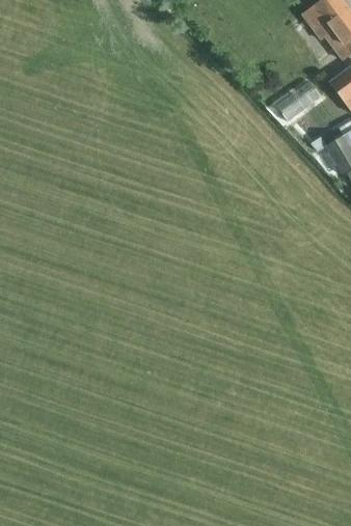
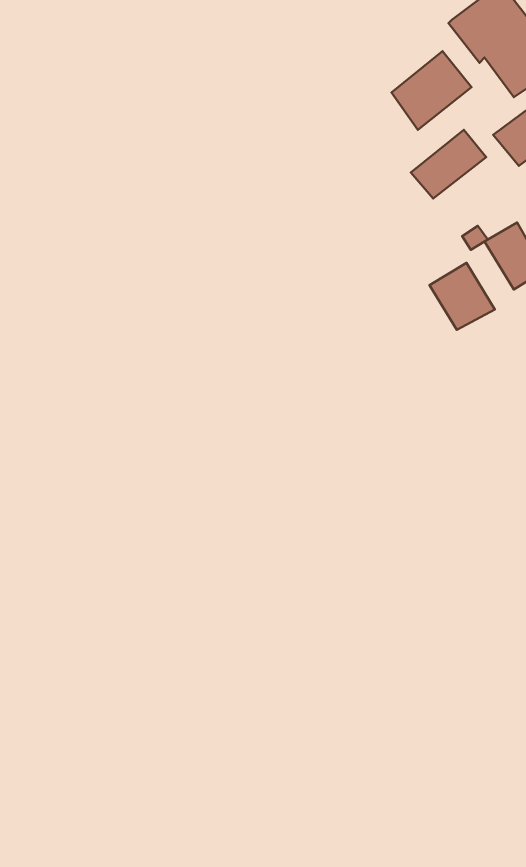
building: none -> [392,51,471,130]
building: none -> [429,263,495,330]

